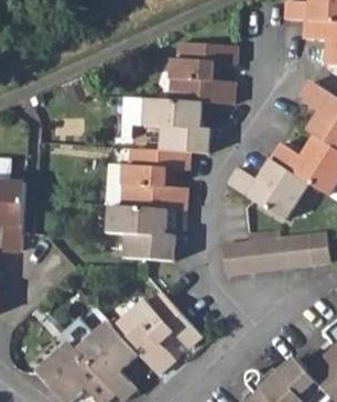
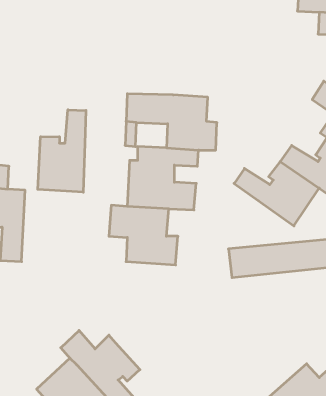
building: [170,42,239,101] -> none
building: none -> [38,110,86,192]
building: [115,298,204,382] -> none

